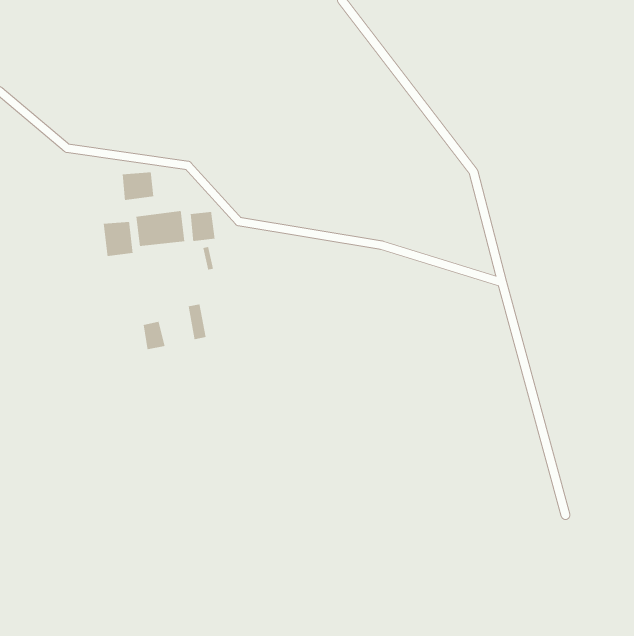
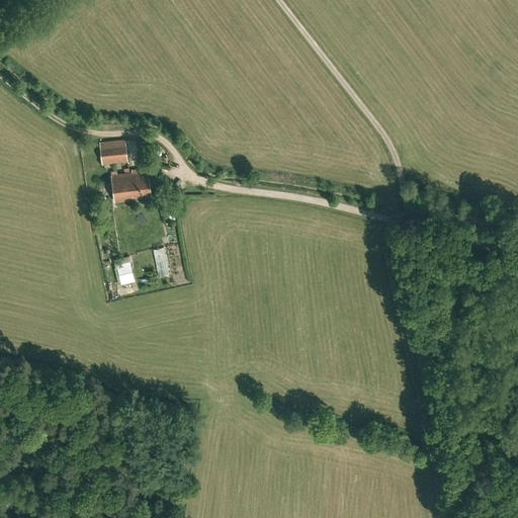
building: [190,211,215,242] -> none
building: [103,221,133,257] -> none

